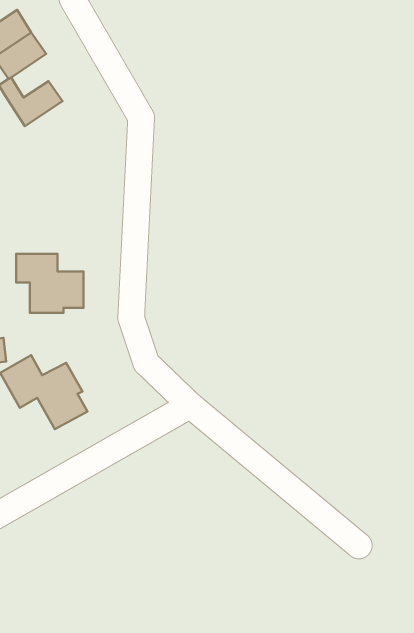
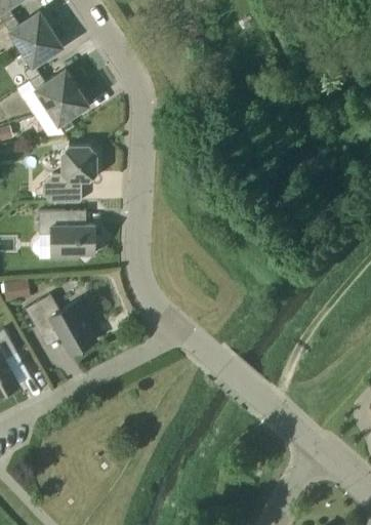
building: none -> [46,86,89,134]
building: none -> [43,146,98,203]

